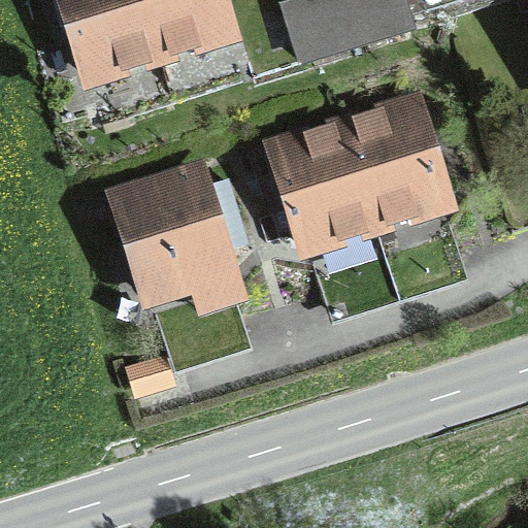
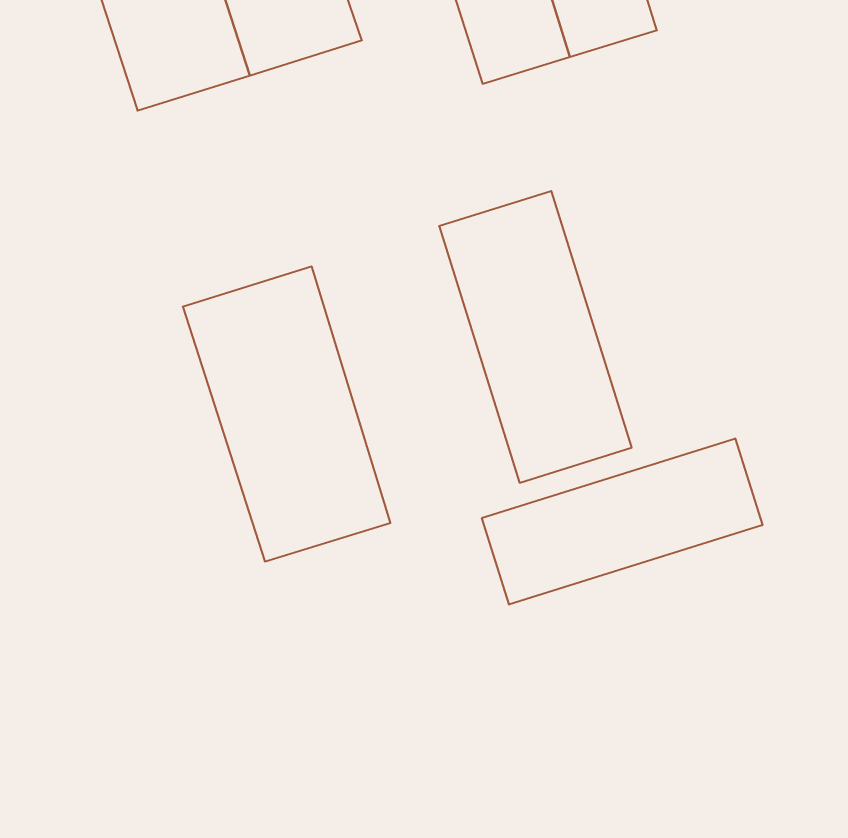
building: [339,96,457,275] -> none
building: none -> [482,438,762,605]

